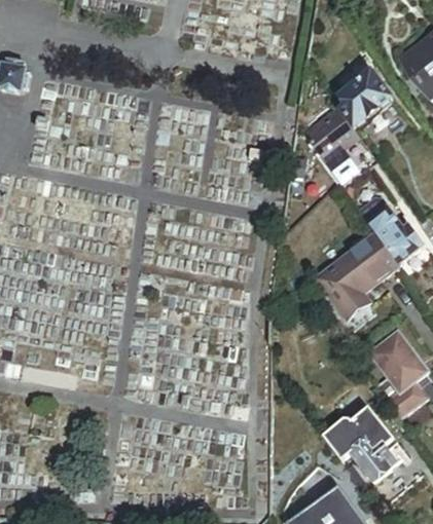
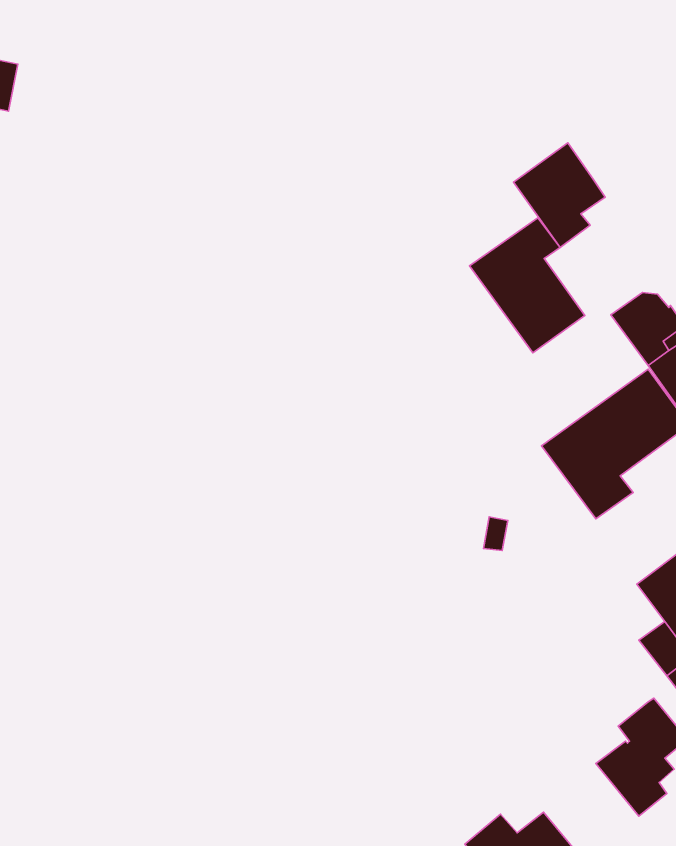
building: [332,73,387,130] -> none
building: none -> [469,218,585,353]
building: [321,405,377,457] -> none

